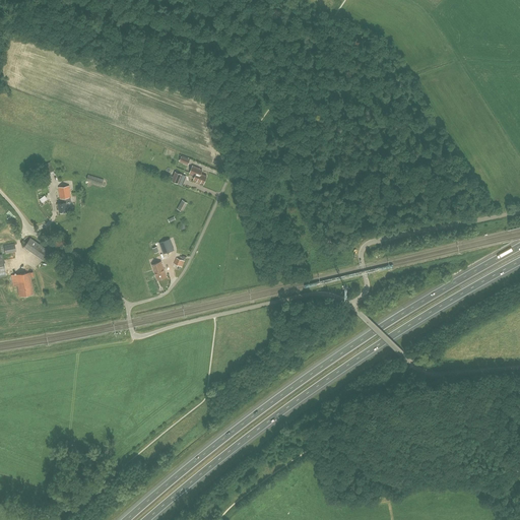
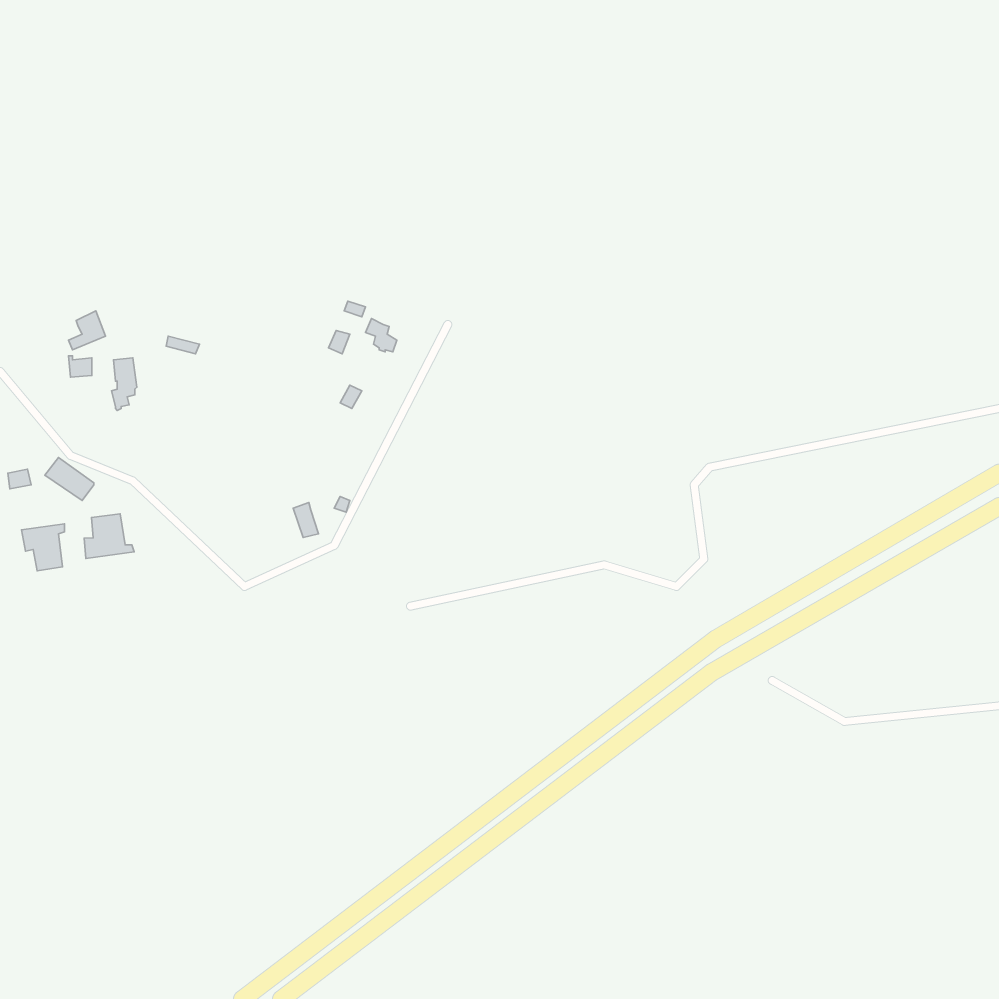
building: none -> [84,514,134,559]

